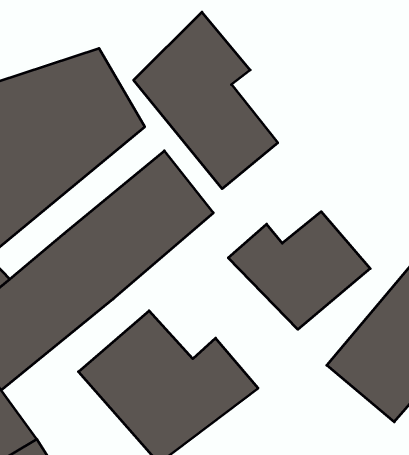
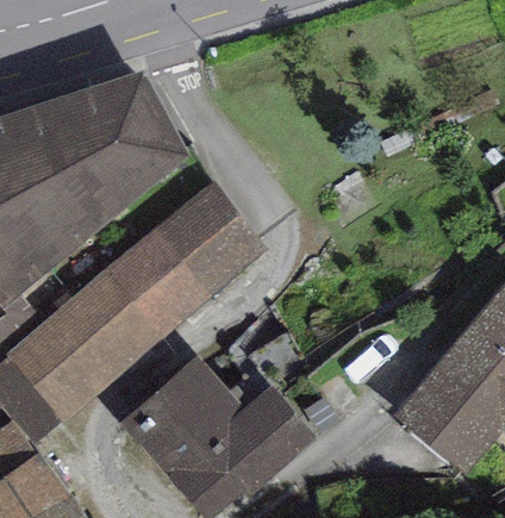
building: [134,12,278,189] -> none
building: [228,212,370,329] -> none

